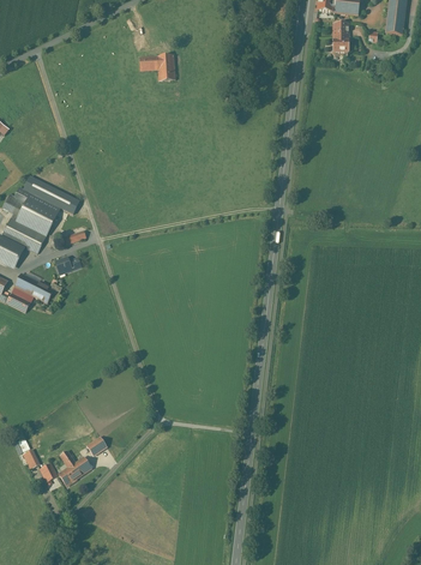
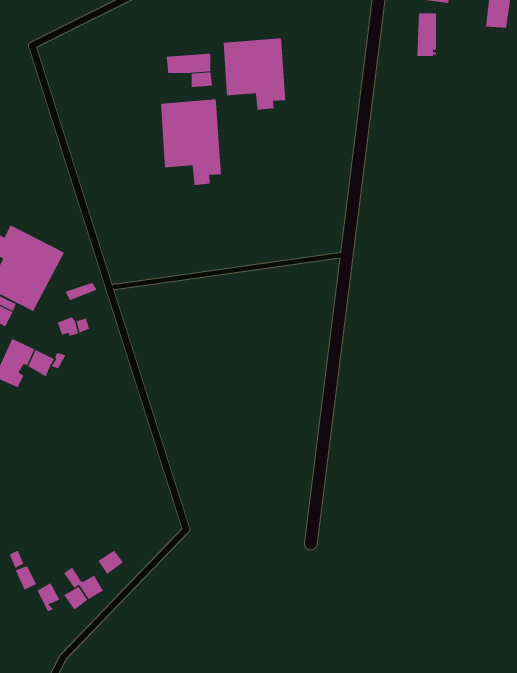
building: none -> [223,37,286,111]
building: none -> [160,98,221,186]

